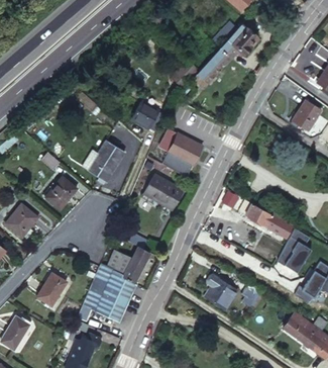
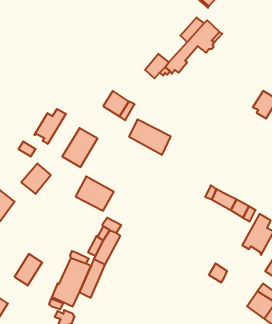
building: none -> [34,109,66,144]
building: [142,176,183,212] -> [76,176,114,211]
building: [206,275,239,311] -> none

